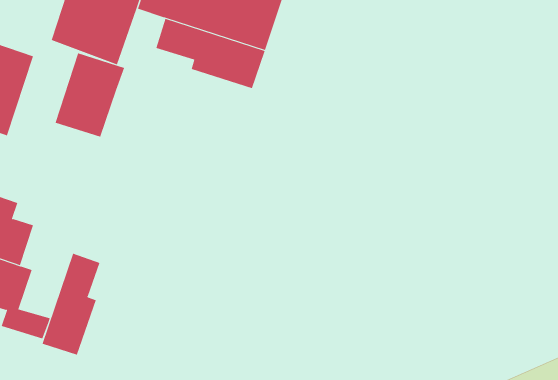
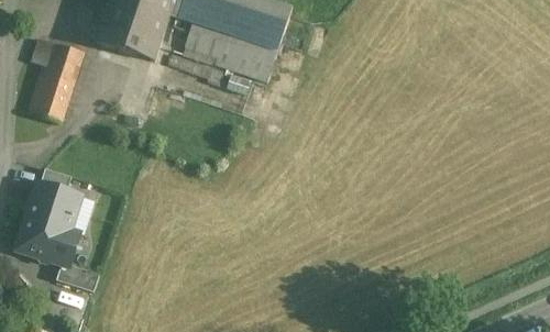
building: [55,52,125,138] -> none
building: [42,253,100,356] -> none

